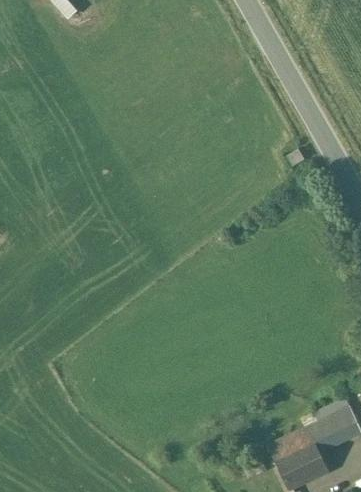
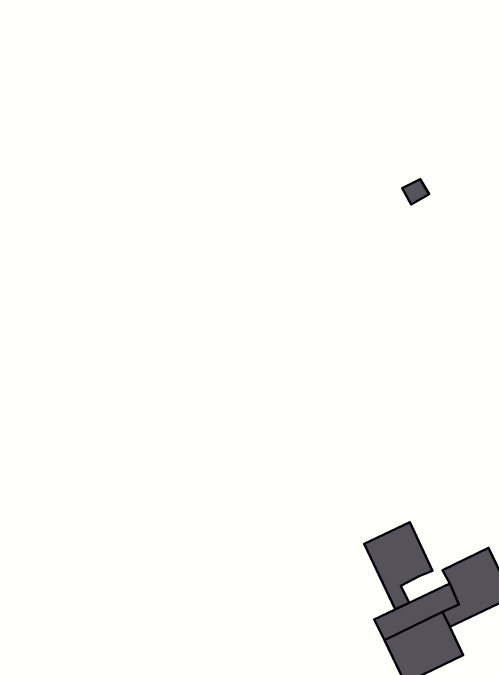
building: none -> [364,522,433,609]

